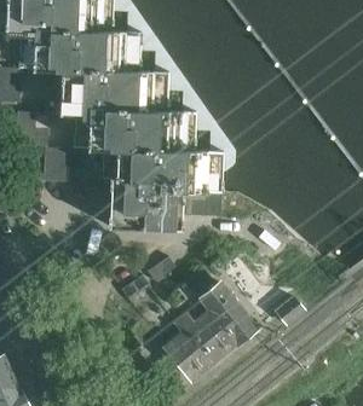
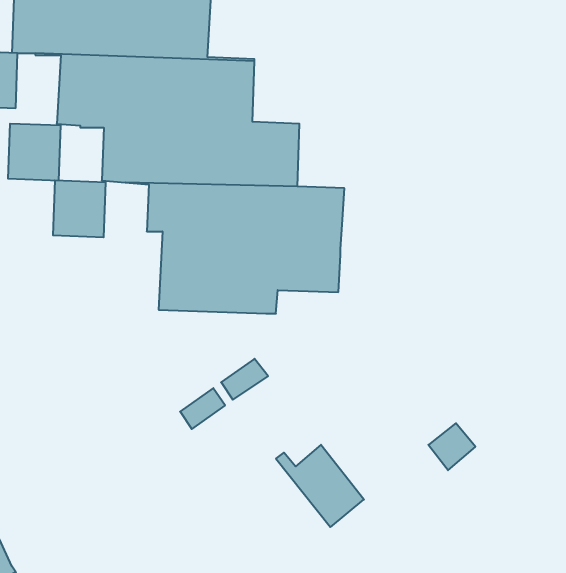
building: [200,284,255,344] -> none
building: [165,319,214,379] -> none

